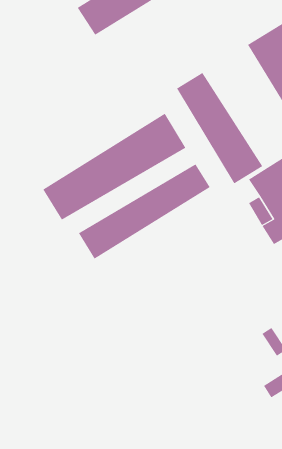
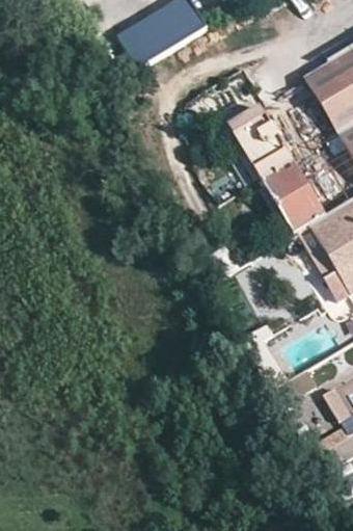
building: [42,113,186,221] -> none
building: [78,164,210,259] -> none

